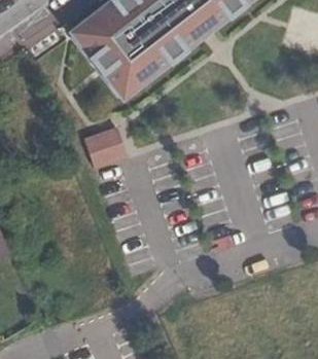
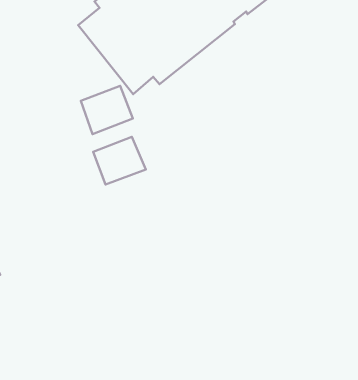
building: none -> [81,86,133,134]

